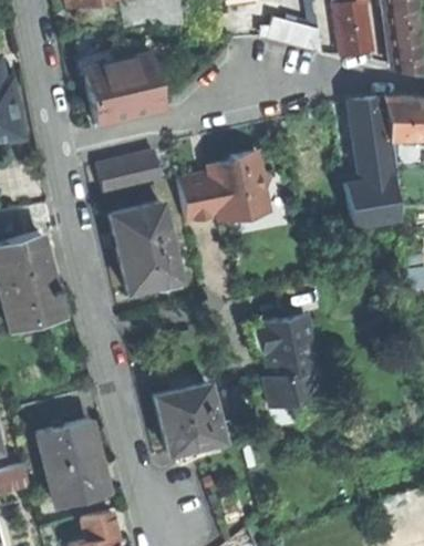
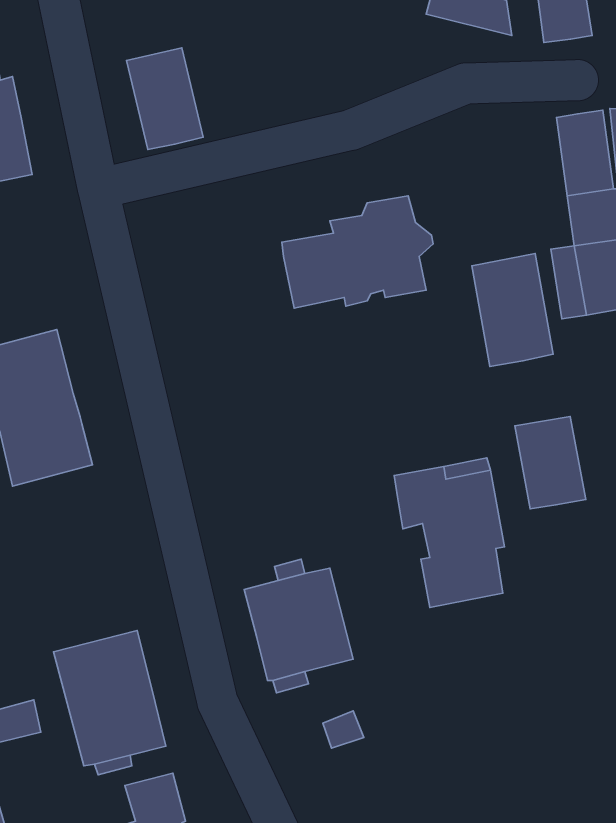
building: [116,51,163,114] -> none
building: [97,151,162,194] -> none
building: none -> [472,254,553,366]
building: [107,200,178,291] -> none
building: none -> [515,416,586,509]

